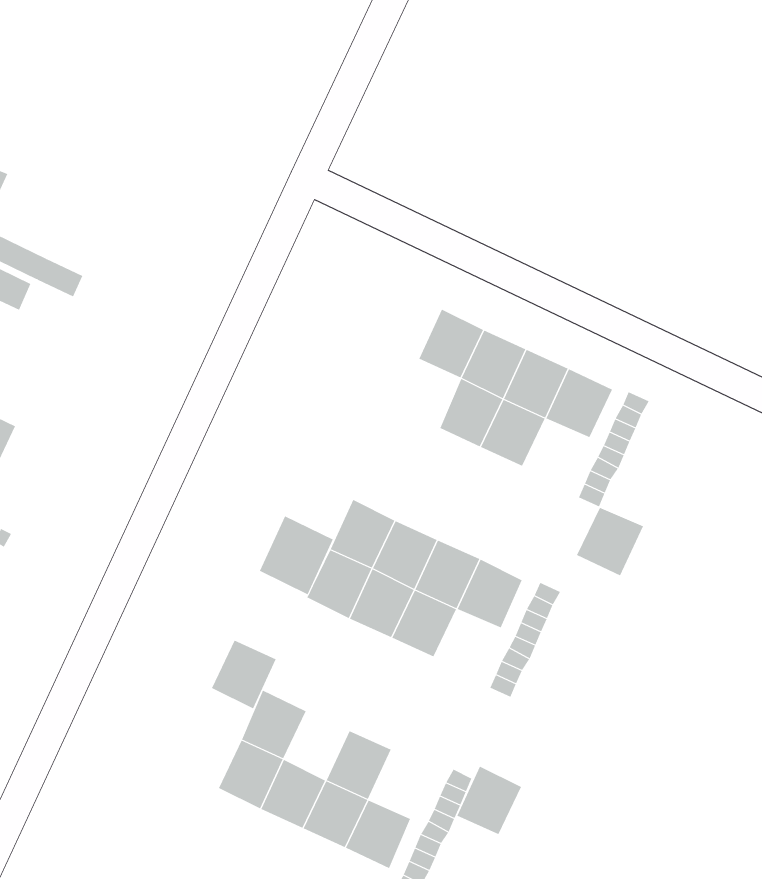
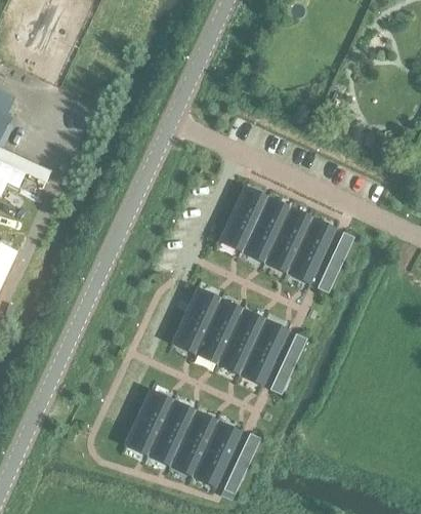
building: none -> [219,213,254,250]
building: [576,507,644,576] -> [287,245,323,282]
building: [259,516,334,595] -> none
building: none -> [240,347,276,384]
building: [211,640,277,709] -> [160,401,195,438]
building: [456,766,522,835] -> [205,422,240,459]

